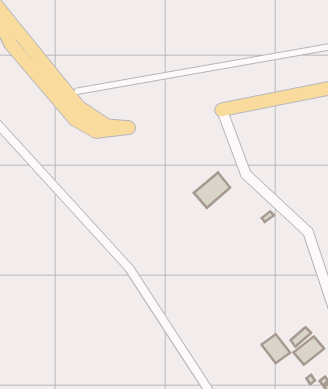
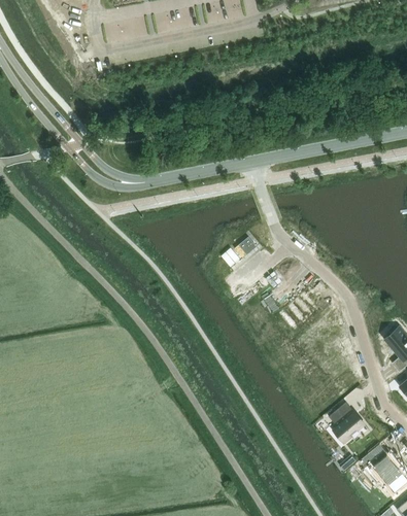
building: [262,334,290,363] -> none

